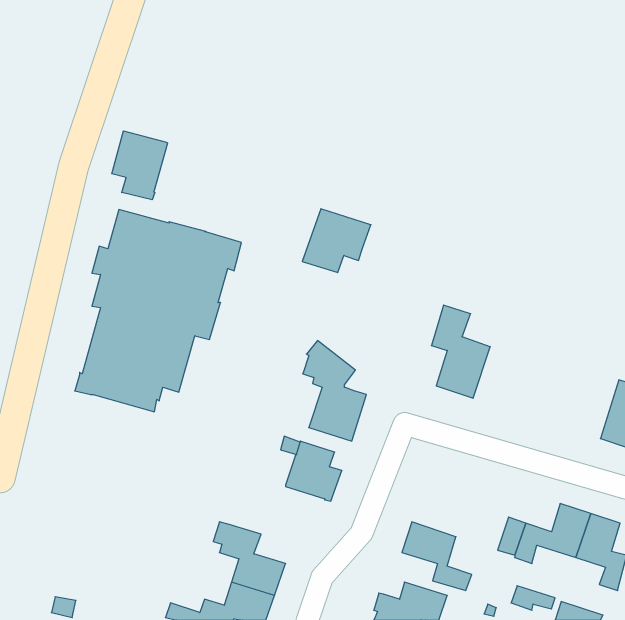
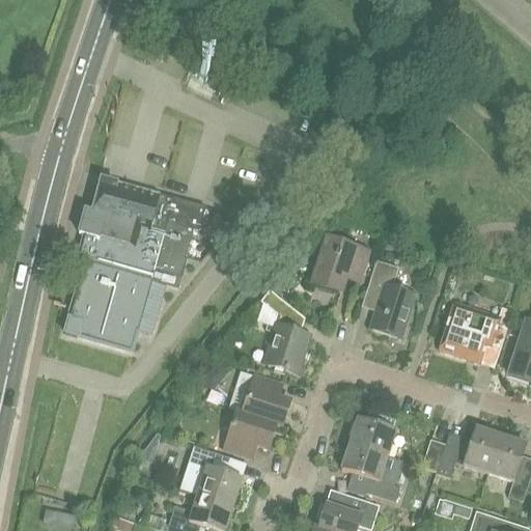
building: [112,131,168,200] -> none
building: [302,209,371,273] -> [311,236,369,290]
building: none -> [439,302,512,362]
building: none -> [225,409,276,457]
building: none -> [350,417,395,454]

